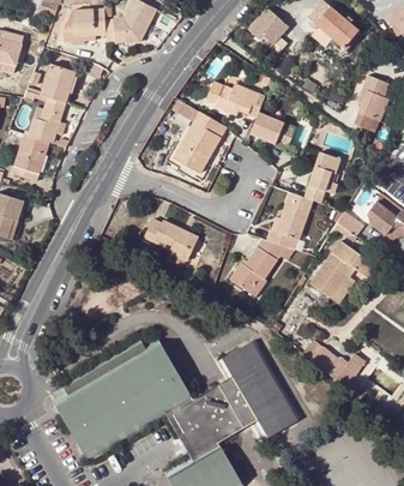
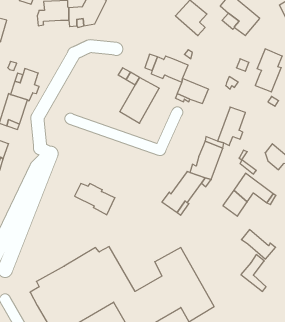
building: [40,64,76,103] -> none
building: [143,221,197,263] -> [75,184,115,215]
building: [302,337,348,377] -> [241,230,276,259]

